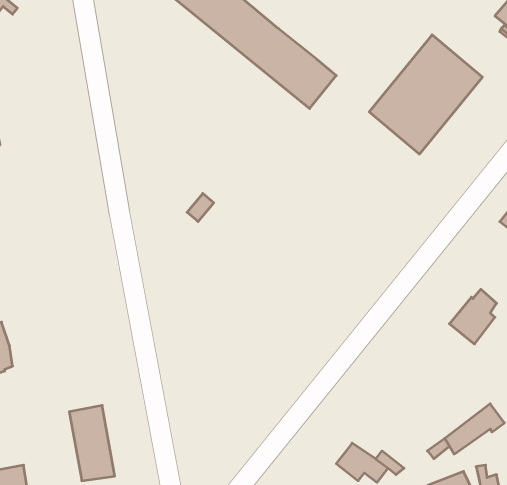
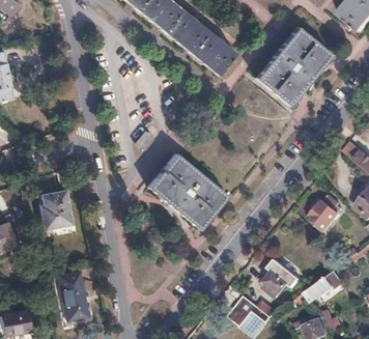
building: none -> [147,152,226,228]
building: none -> [38,189,69,227]
building: none -> [265,257,302,295]

